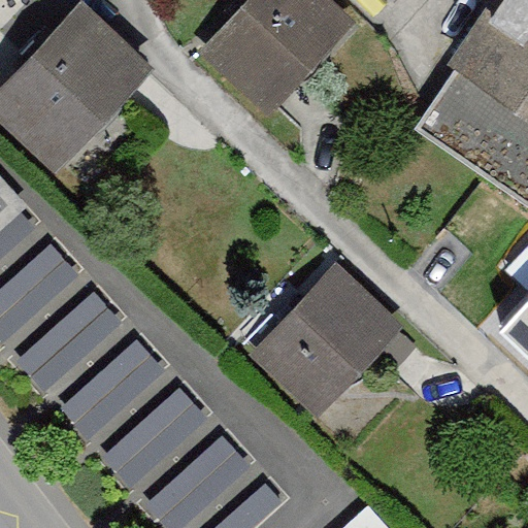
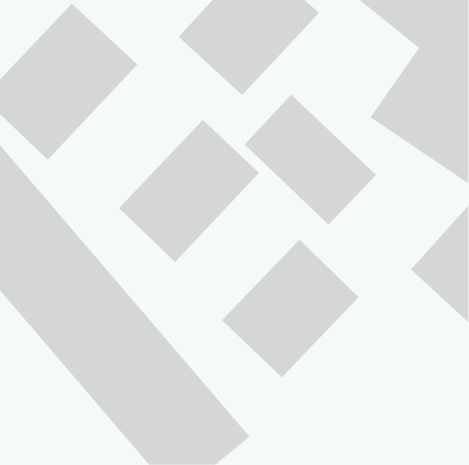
building: none -> [244,94,377,225]
building: none -> [118,119,260,263]

